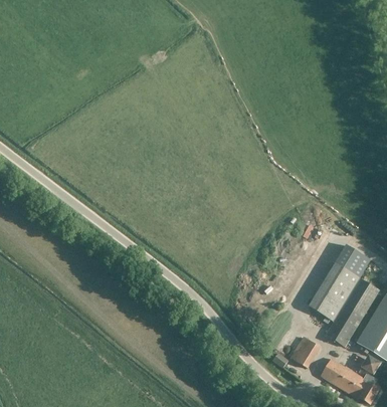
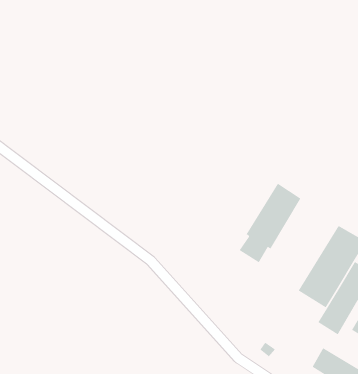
building: none -> [239,183,301,263]
building: [291,337,320,367] -> none

